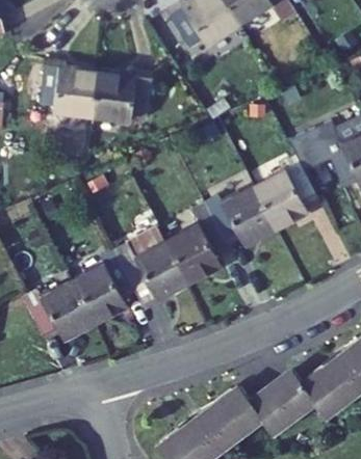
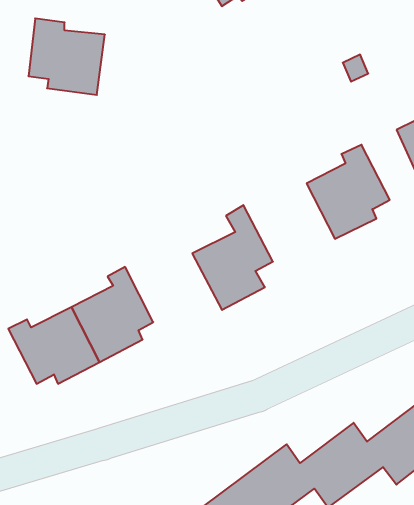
building: [92,70,153,122] -> none
building: [205,186,276,246] -> none
building: [113,240,188,300] -> none

